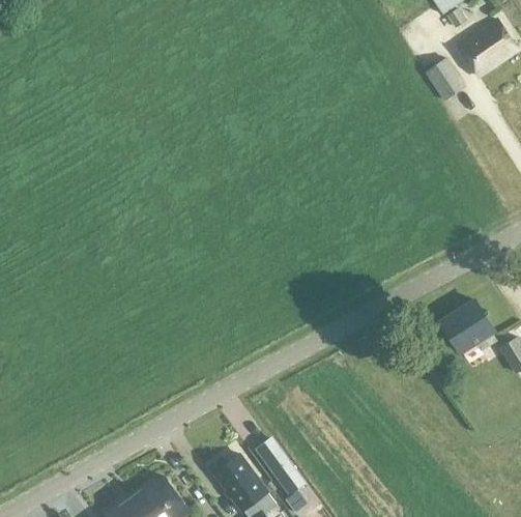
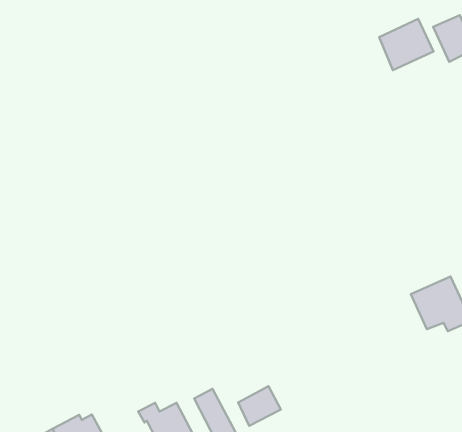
building: none -> [379,19,434,70]
building: none -> [238,386,281,426]

